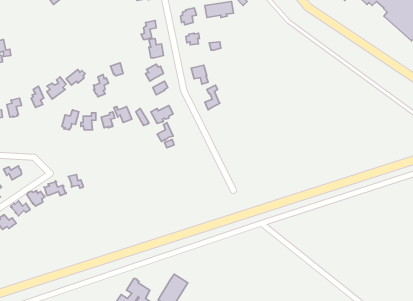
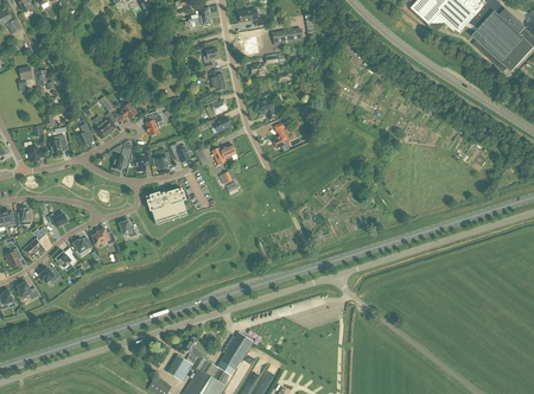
building: none -> [147,188,187,223]

